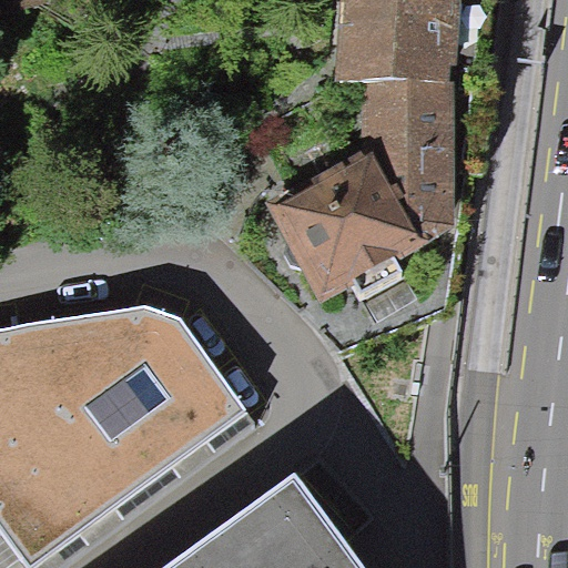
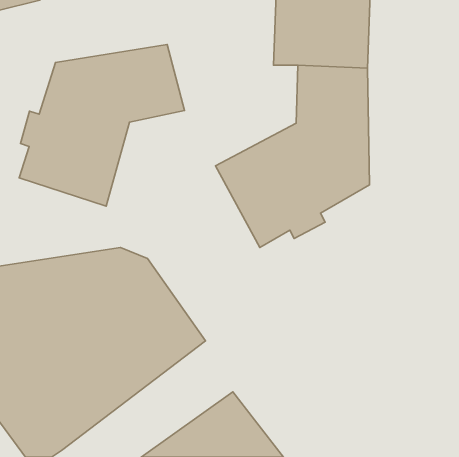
building: none -> [19,45,184,206]

